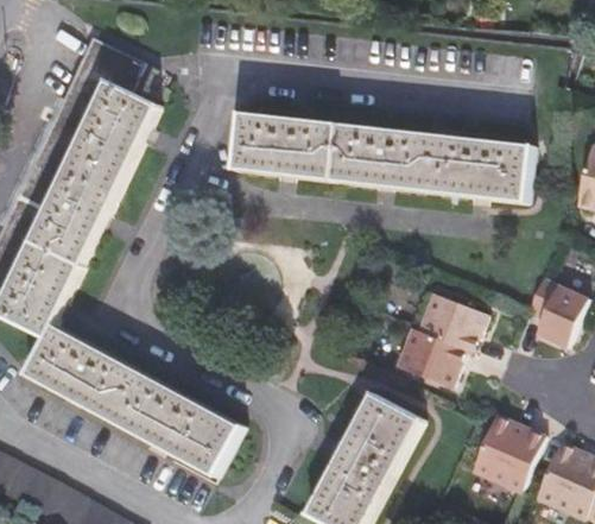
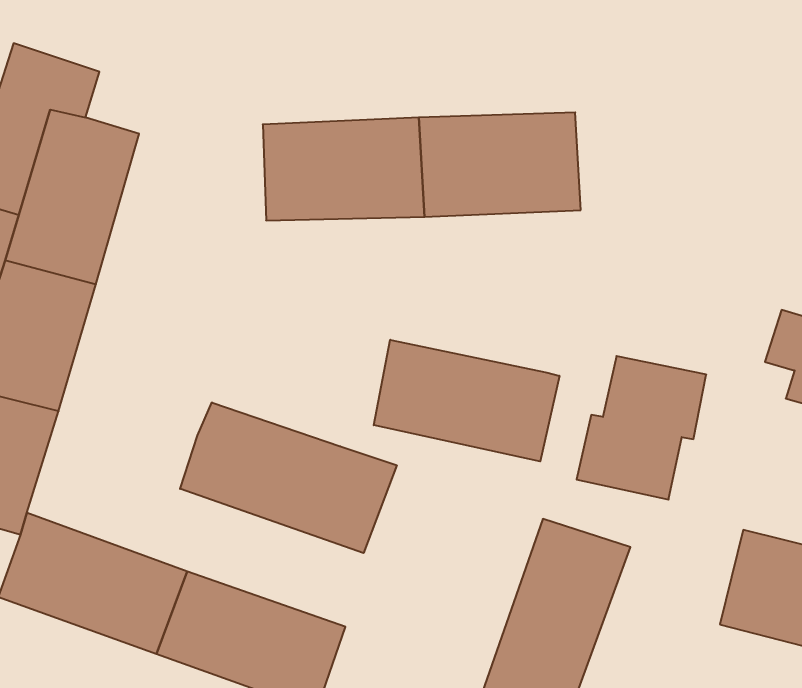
building: [429,132,530,203] -> none
building: none -> [374,340,559,461]
building: none -> [180,402,397,553]

